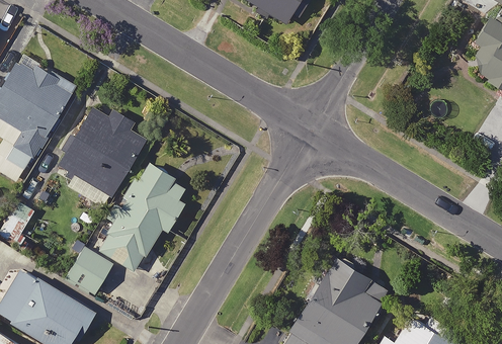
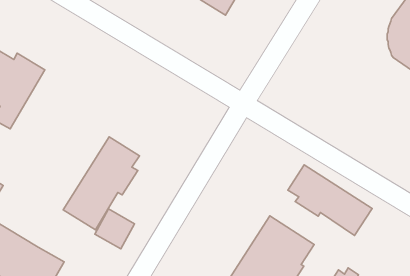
building: [60,110,144,195] -> none
building: none -> [288,165,372,235]
building: [65,248,111,294] -> [95,209,135,249]

